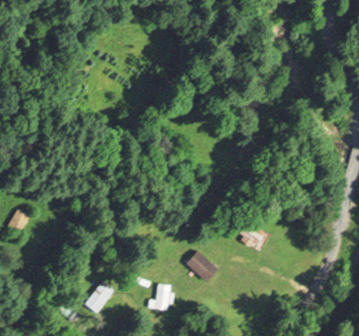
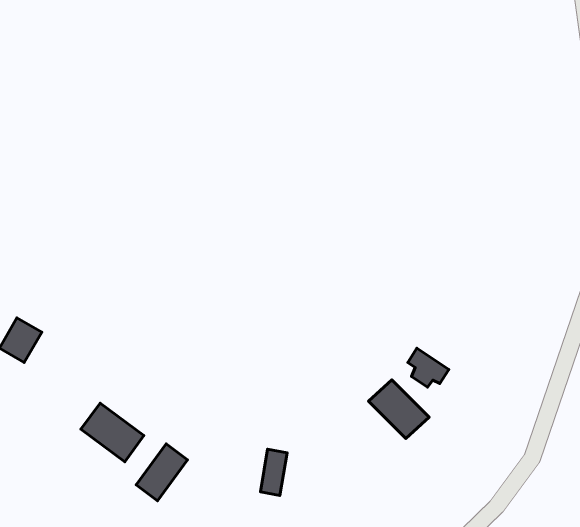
building: [186,250,221,284] -> [369,380,429,438]
building: none -> [81,403,144,462]

